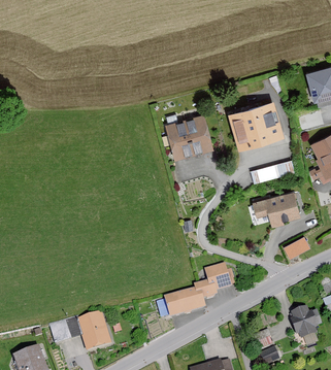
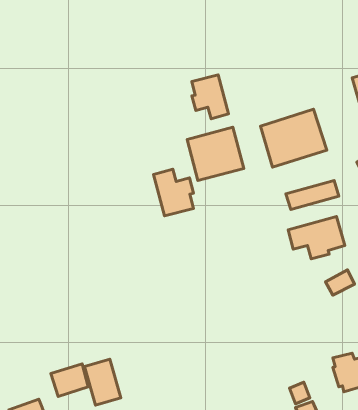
building: none -> [192,75,229,119]
building: none -> [154,169,194,216]
building: [163,263,234,317] -> none

